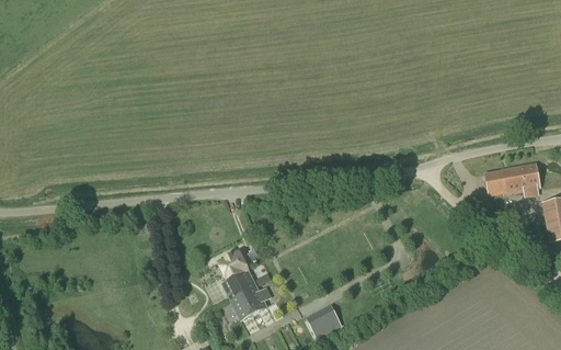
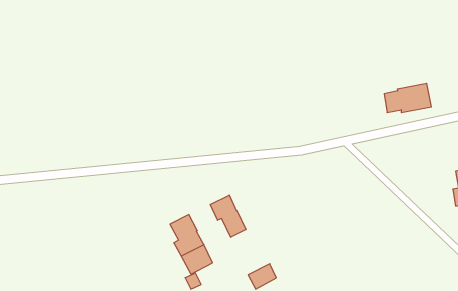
building: [486,161,541,195] -> [384,83,431,113]
building: none -> [210,195,246,237]

